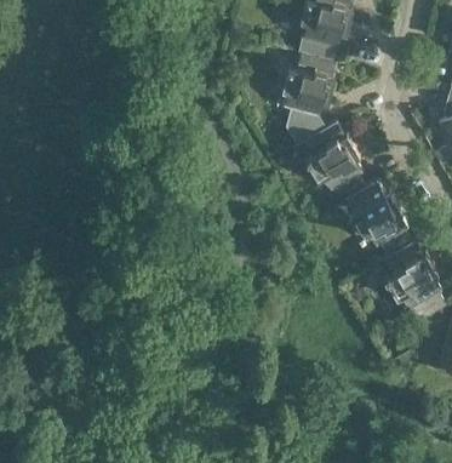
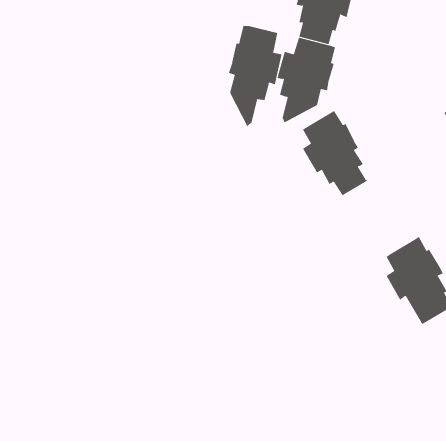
building: none -> [228,25,282,127]
building: [347,181,412,257] -> none

